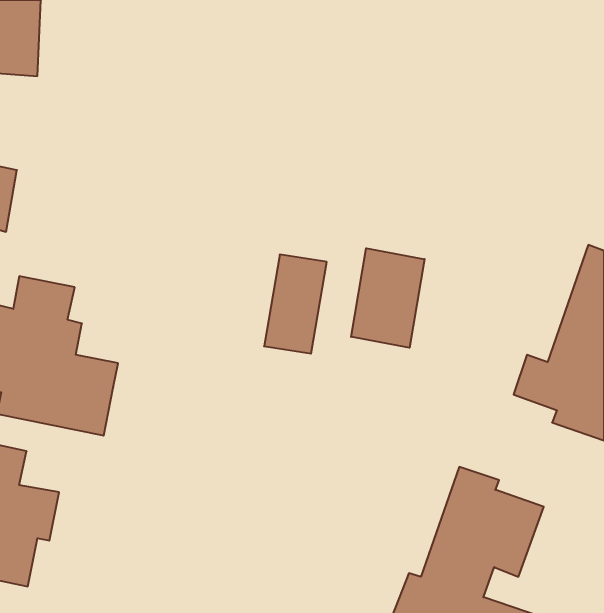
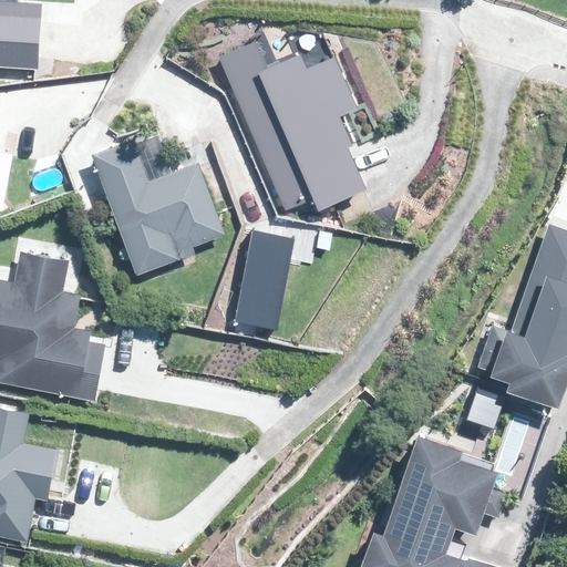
building: none -> [221,45,370,209]
building: none -> [91,131,224,275]
building: [351,248,425,348] -> none

